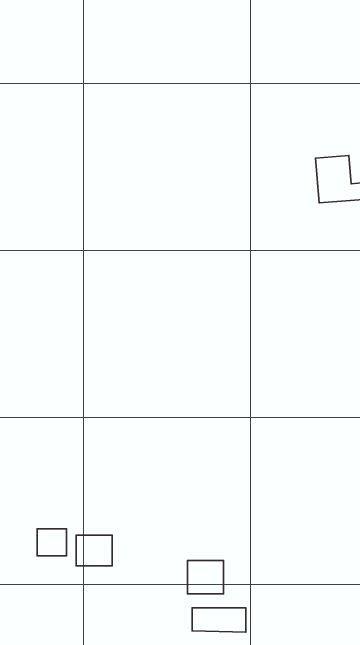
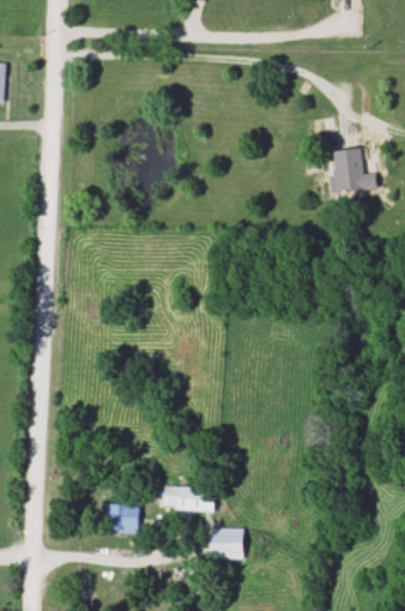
building: [37,529,67,556] -> none
building: [192,608,246,632] -> [163,489,213,512]

